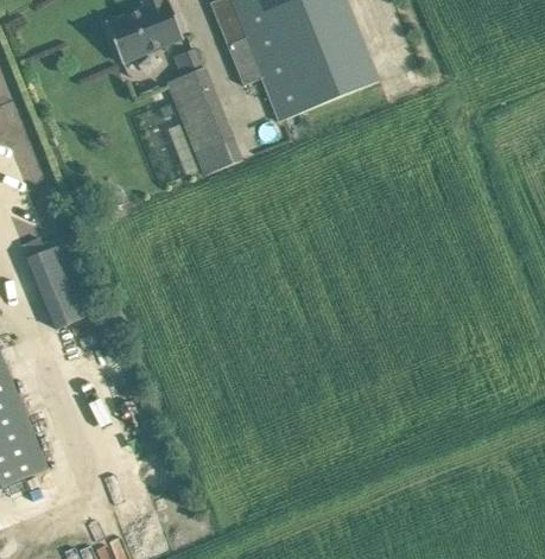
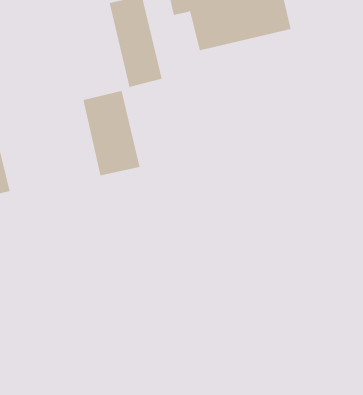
building: none -> [83,90,140,176]

